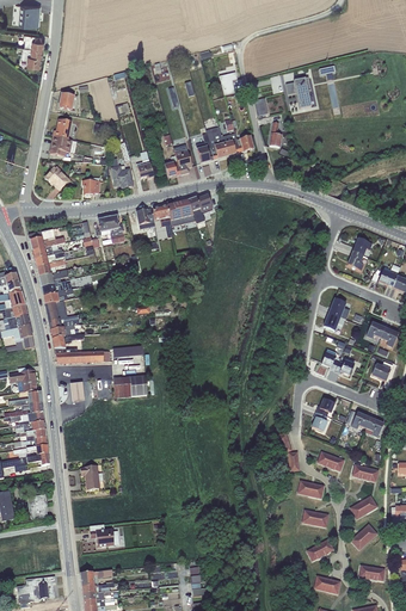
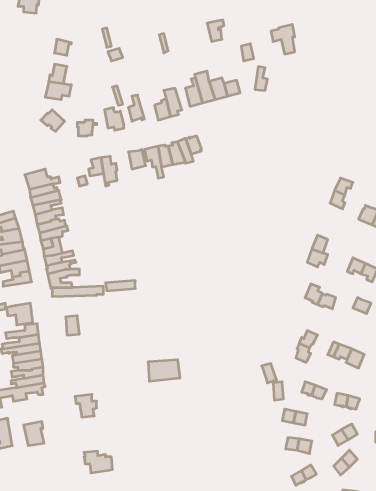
building: [113,376,147,399] -> [148,360,180,381]

